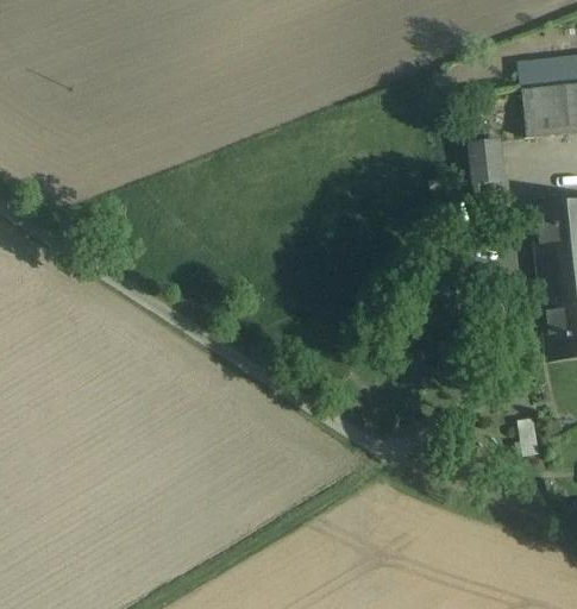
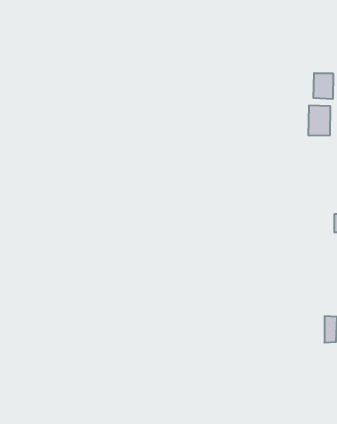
building: none -> [314,73,333,99]

